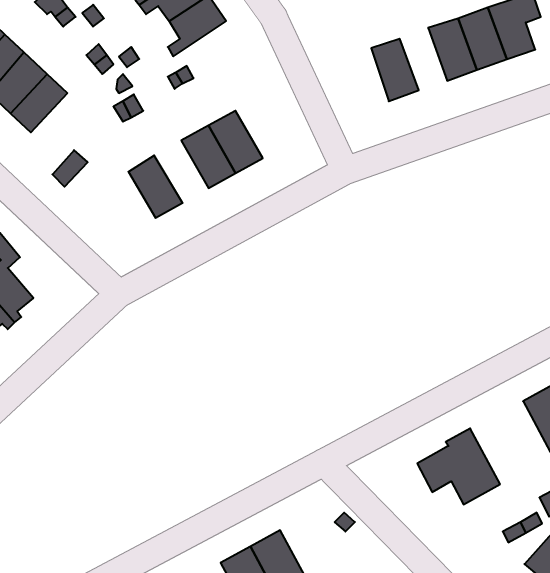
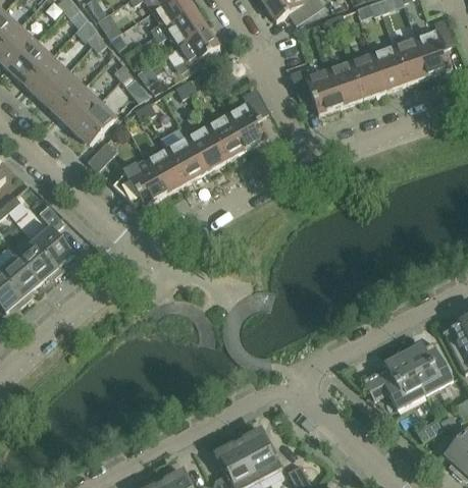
building: none -> [350,51,385,98]
building: none -> [291,66,342,114]
building: none -> [226,89,268,149]
building: none -> [72,100,117,146]
building: none -> [160,126,206,182]
building: none -> [113,159,166,206]
building: none -> [403,340,453,393]

